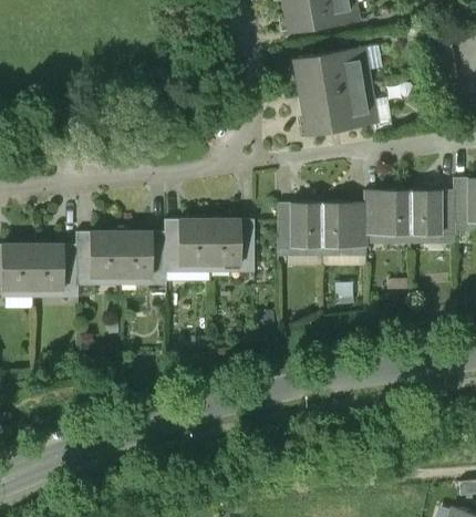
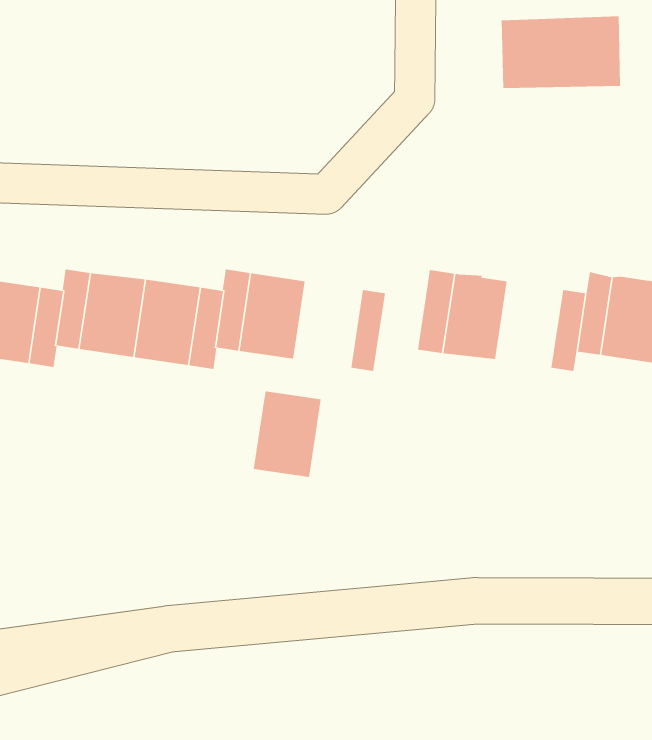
building: [301,86,373,136] -> none
building: [320,203,351,248] -> none
building: [208,220,240,265] -> [253,391,322,478]

